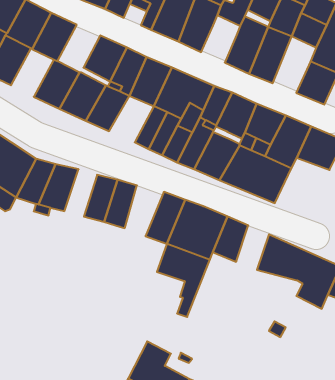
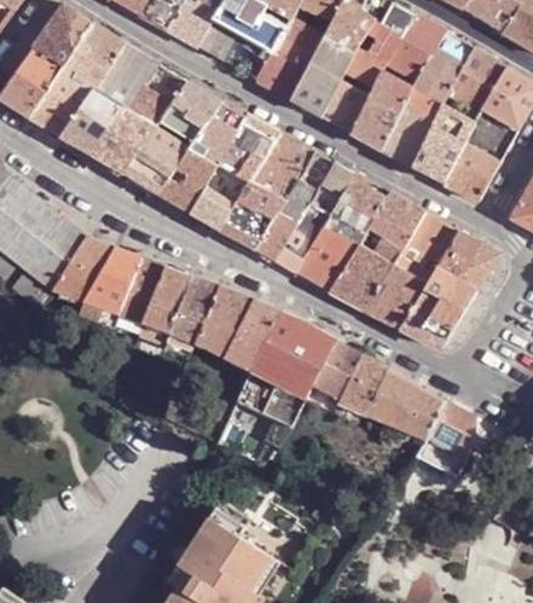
building: none -> [127,64,187,128]
building: none -> [320,82,370,133]
building: none -> [412,106,475,182]
building: none -> [62,89,122,155]
building: none -> [187,166,250,228]
building: none -> [400,269,477,348]
building: none -> [117,257,166,321]
building: none -> [196,286,253,355]
building: none -> [340,354,388,414]

